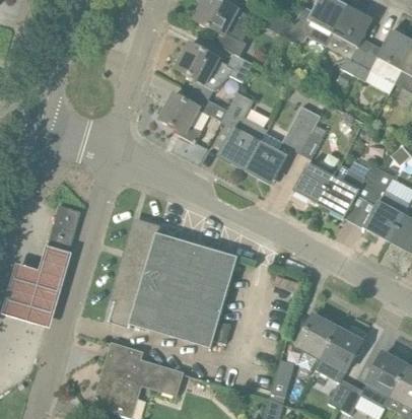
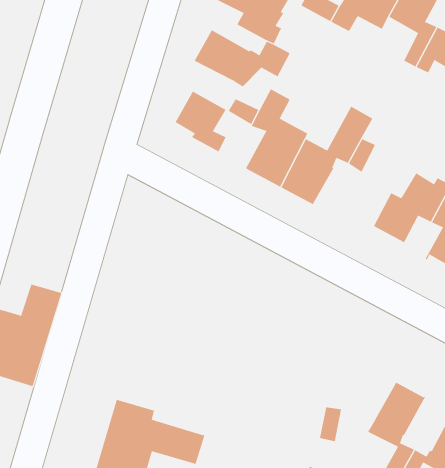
building: [293,162,335,203] -> none
building: [44,204,78,252] -> none
building: [109,219,238,348] -> none
building: [297,315,339,369] -> none

